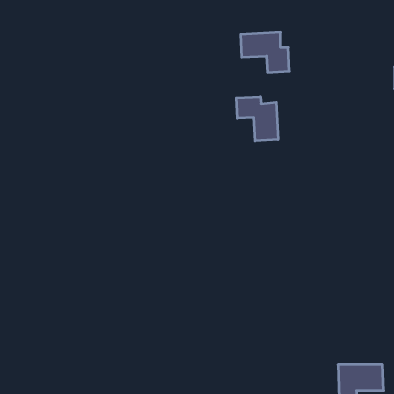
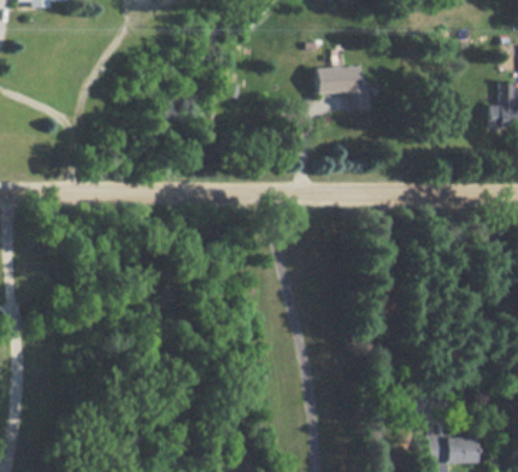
building: [236,97,278,141] -> none

